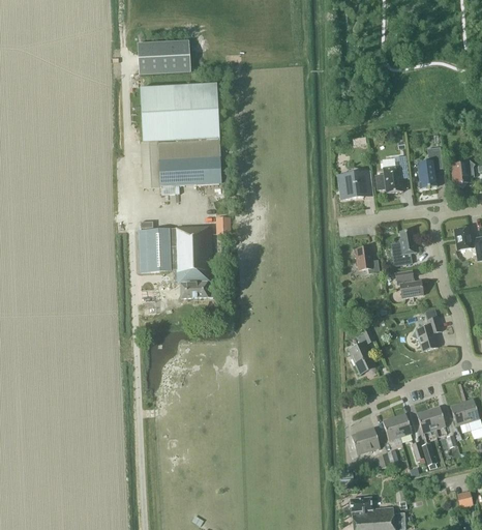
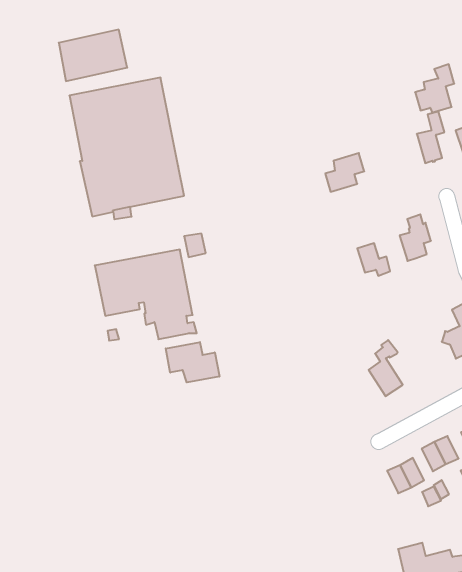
building: [374,155,408,193] -> [415,64,454,112]
building: [395,270,422,297] -> none
building: none -> [166,342,219,382]

